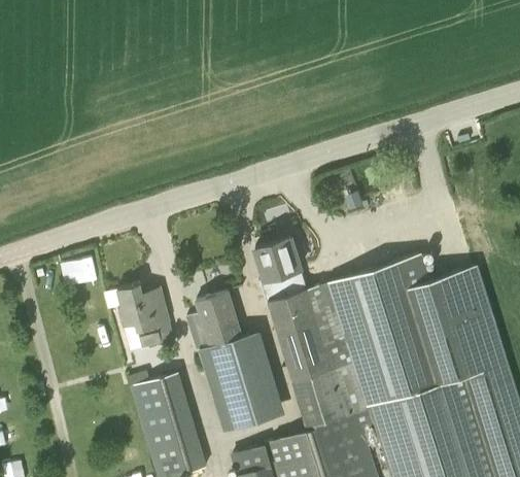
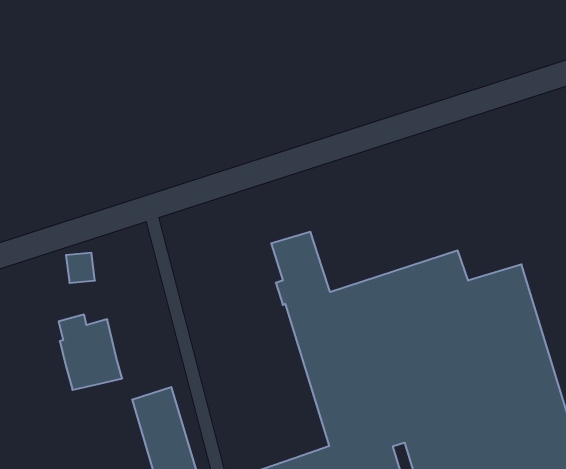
building: [117,284,174,351] -> [59,315,122,390]
building: [196,292,274,433] -> none

